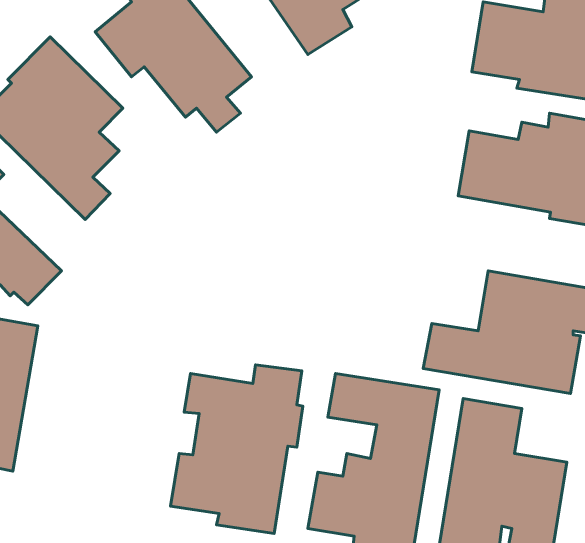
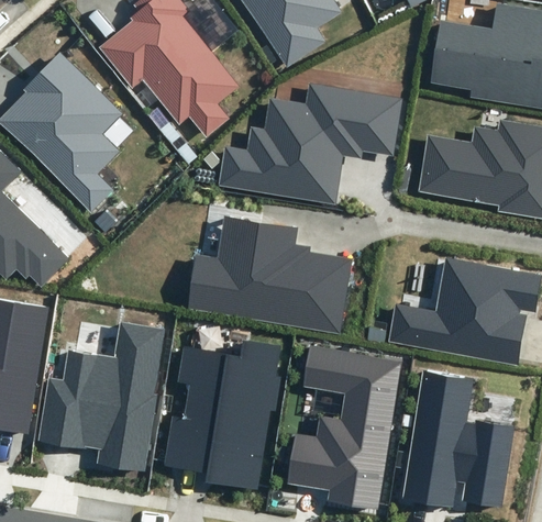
building: none -> [219,85,401,203]
building: none -> [186,218,351,333]
building: none -> [36,322,164,473]

